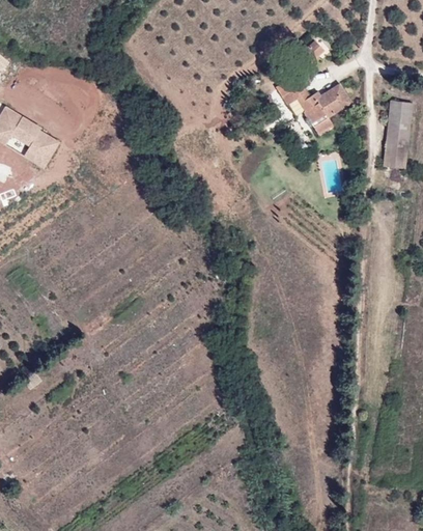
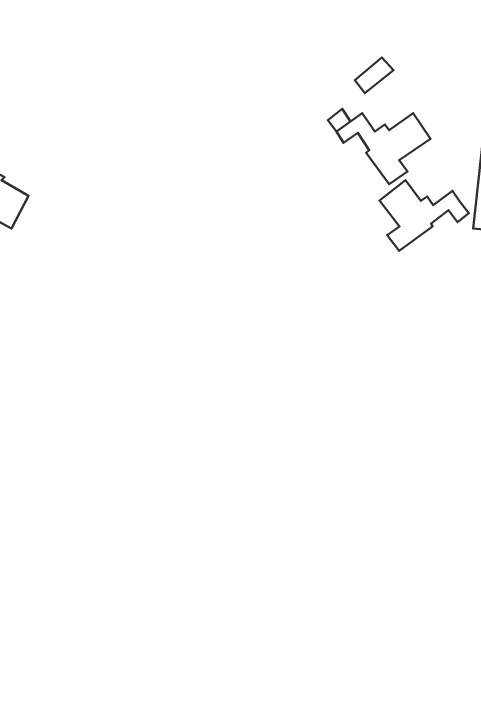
building: none -> [379,180,469,251]

